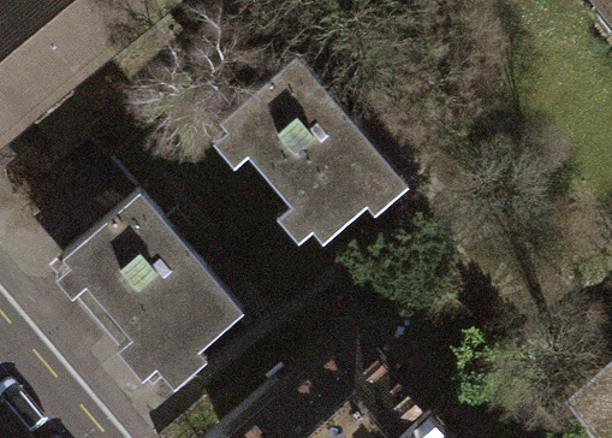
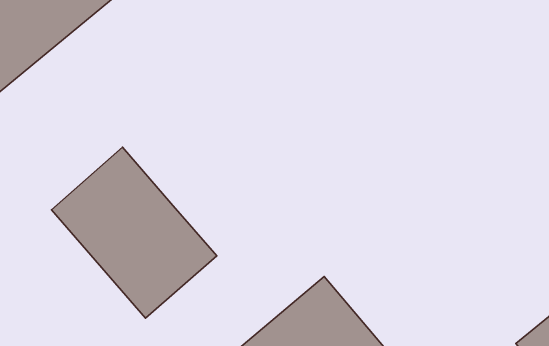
building: [219,60,402,249] -> none

